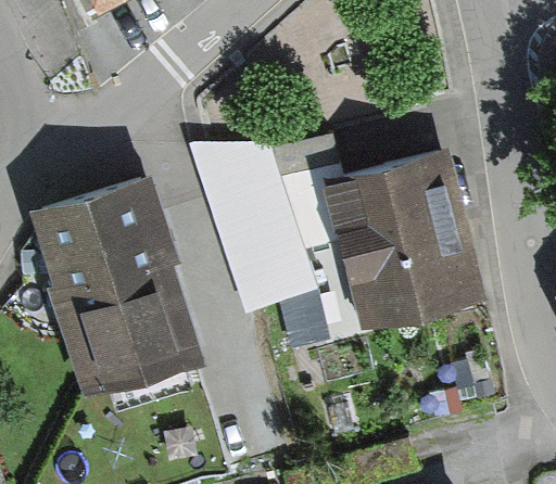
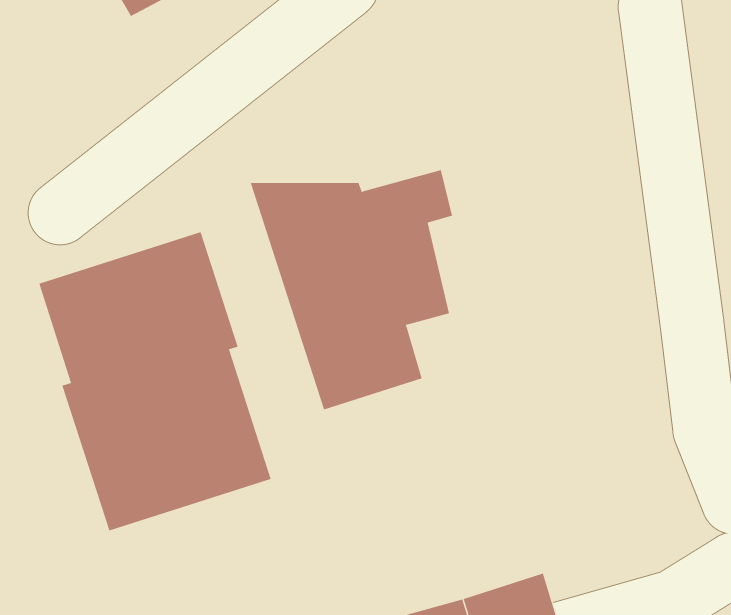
building: [324,145,488,329] -> none

